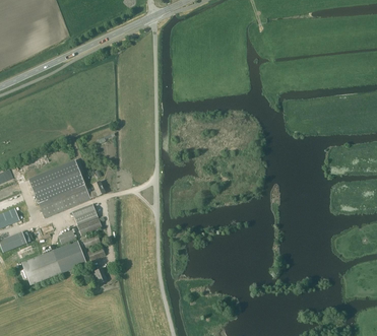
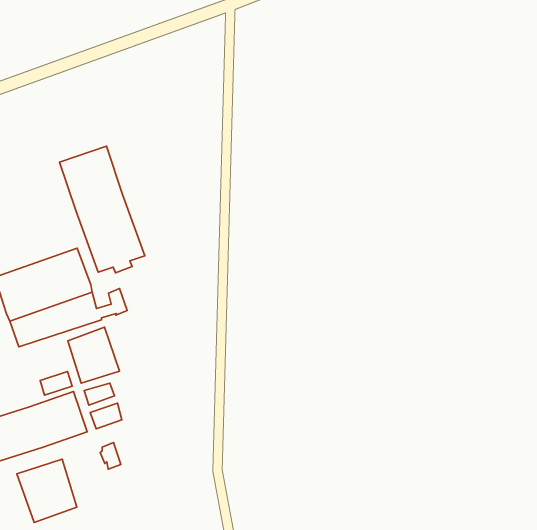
building: none -> [60,146,145,273]
building: none -> [17,459,77,522]

